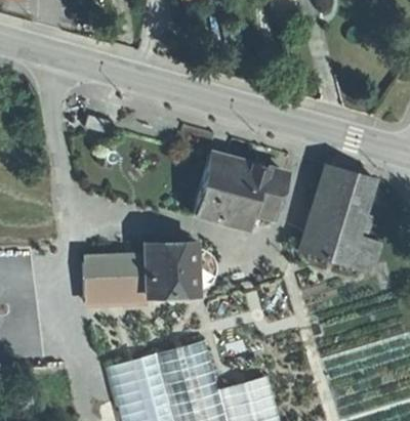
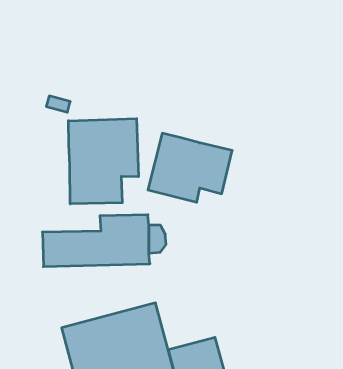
building: none -> [68,119,138,204]
building: [305,167,383,270] -> none

